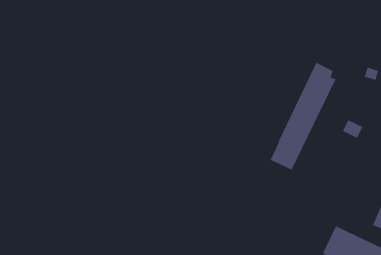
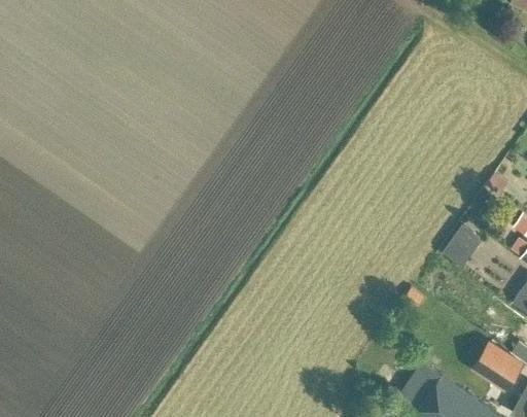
building: [270,62,336,171] -> none

